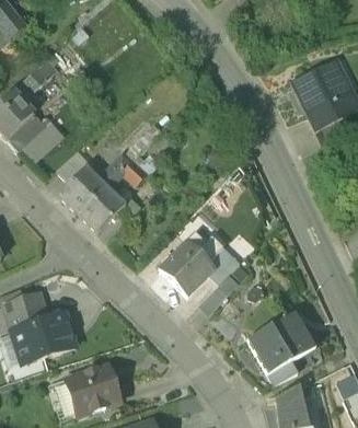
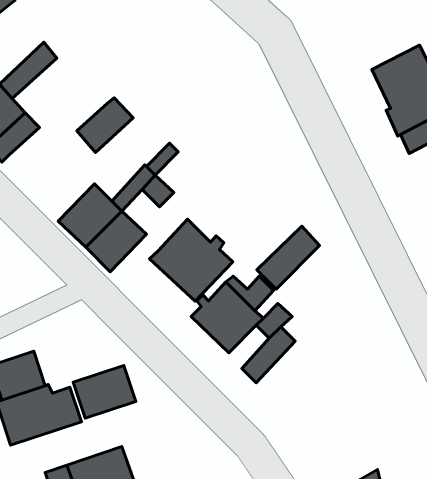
building: [22,118,65,160] -> [77,98,133,153]
building: none -> [149,219,233,301]
building: none -> [257,226,320,289]
building: none -> [73,365,136,418]
building: [247,308,316,371] -> none

